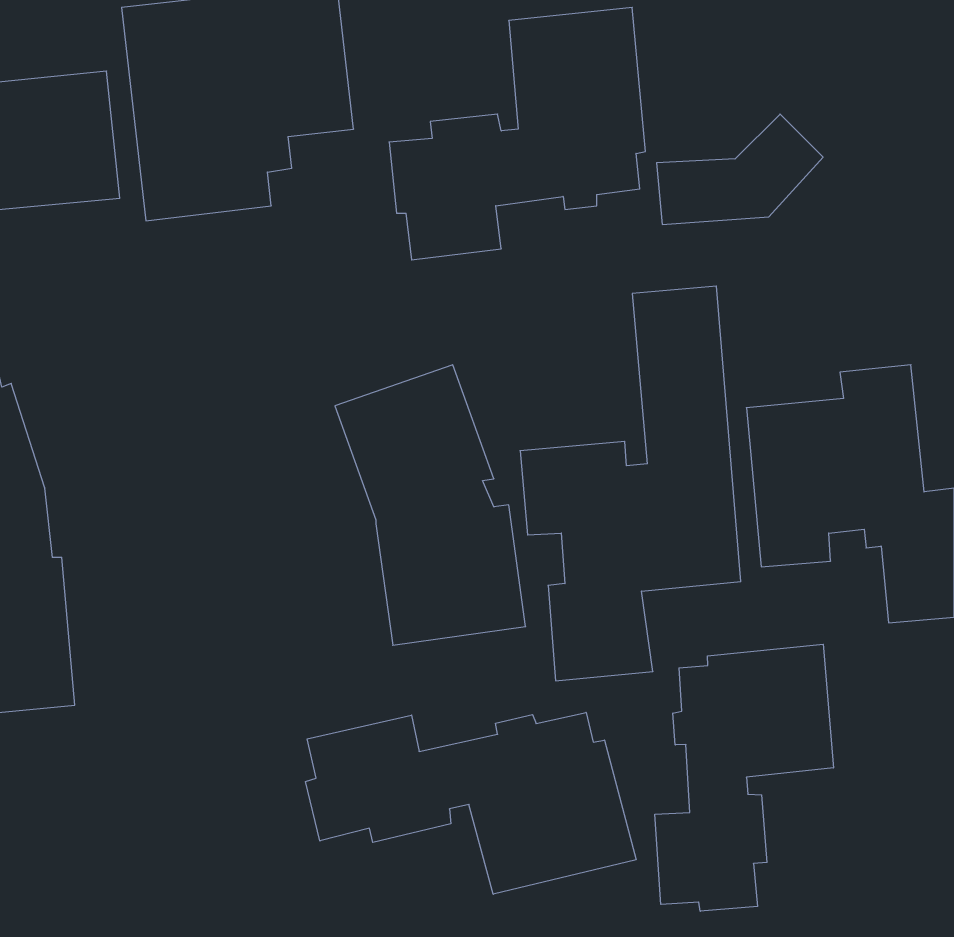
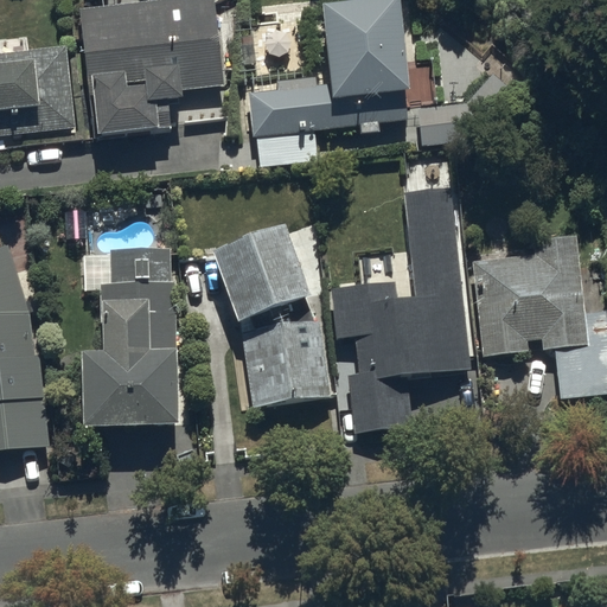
building: none -> [81,242,179,435]
building: [655,644,833,911] -> none
building: [306,712,636,894] -> none

